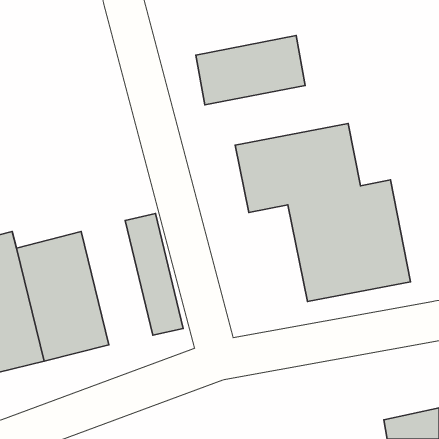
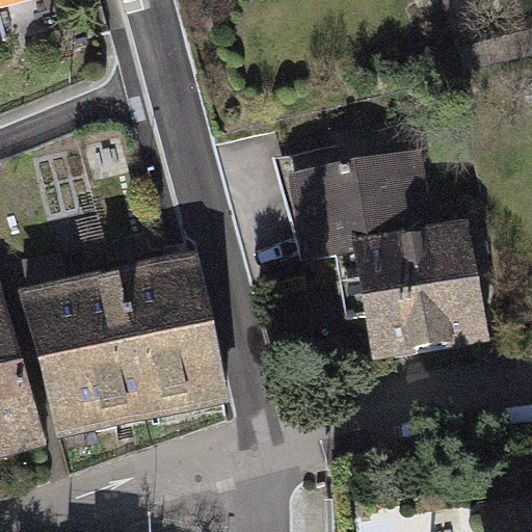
building: [196,36,305,105] -> none
building: none -> [98,265,184,415]

